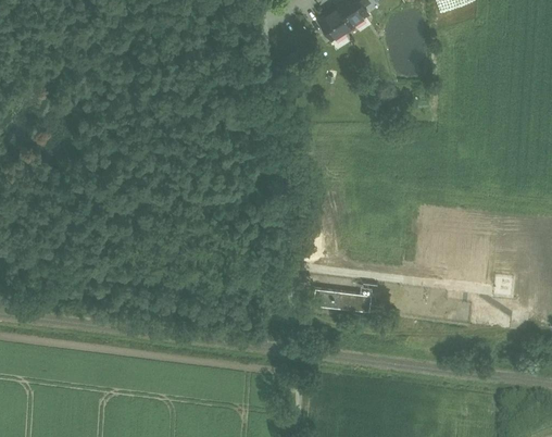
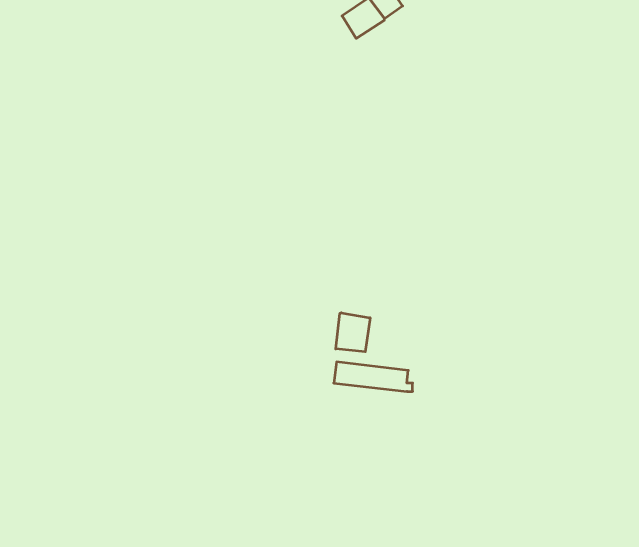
building: none -> [336,313,370,352]

